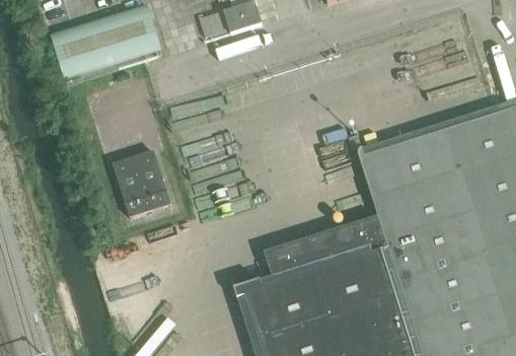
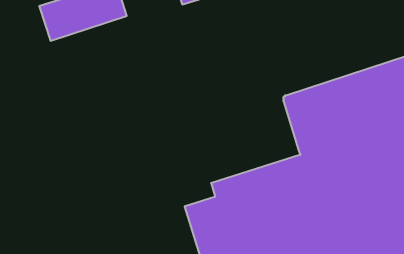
building: [114,150,171,216] -> none

